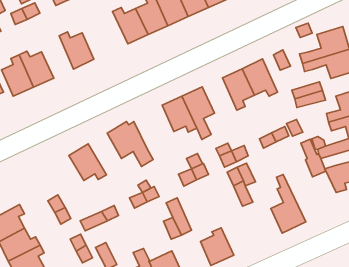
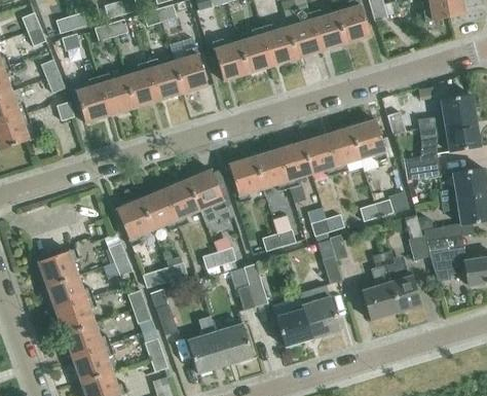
building: none -> [174,46,208,93]
building: none -> [124,61,158,108]
building: none -> [302,134,338,176]
building: none -> [229,155,263,203]
building: none -> [163,179,202,226]
building: none -> [116,199,153,246]
building: none -> [381,250,421,311]
building: none -> [299,285,340,337]

